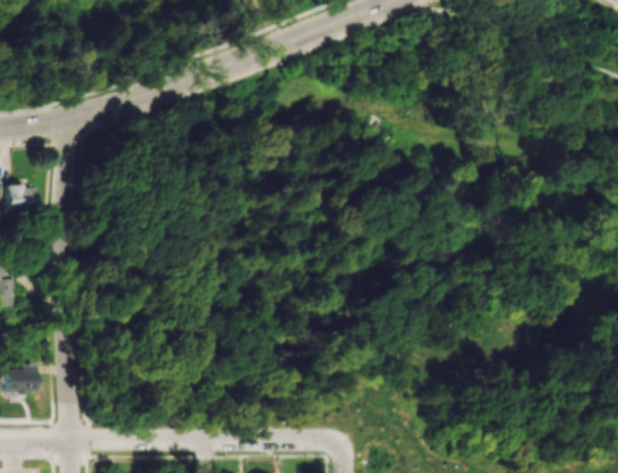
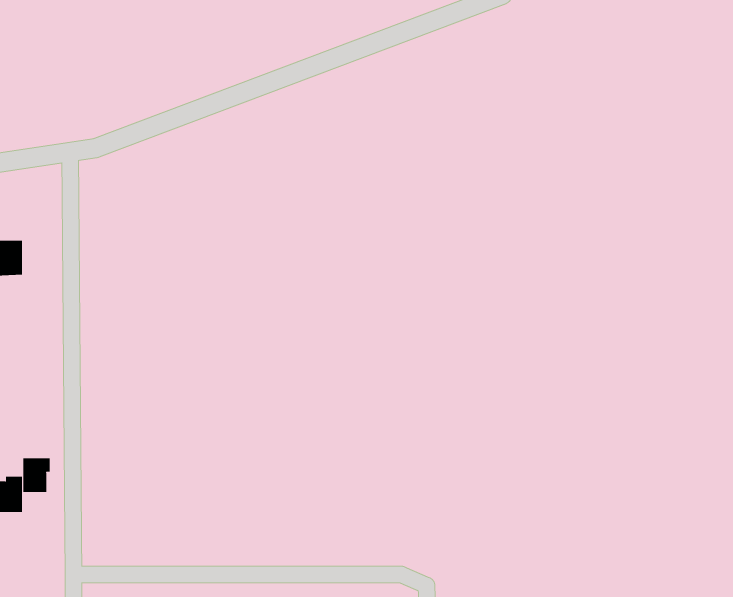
building: none -> [23,457,50,493]

